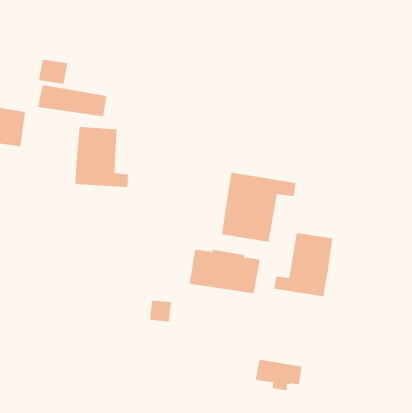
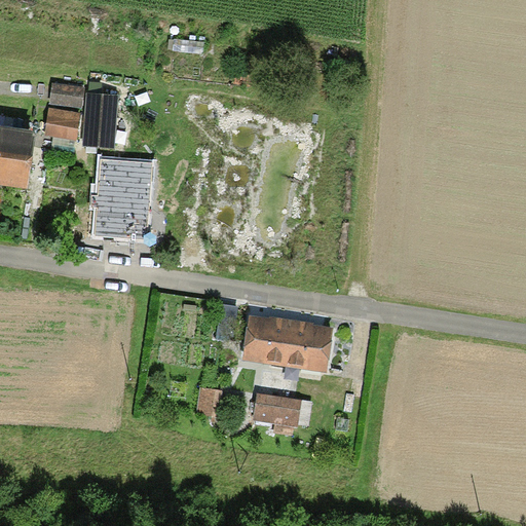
building: [222,172,296,243] -> none
building: [274,232,333,297] -> none
building: [255,359,303,391] -> [250,392,310,433]

